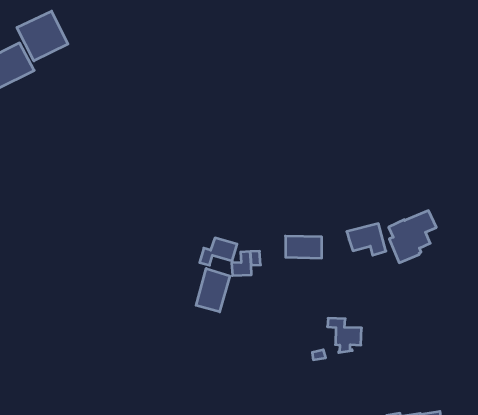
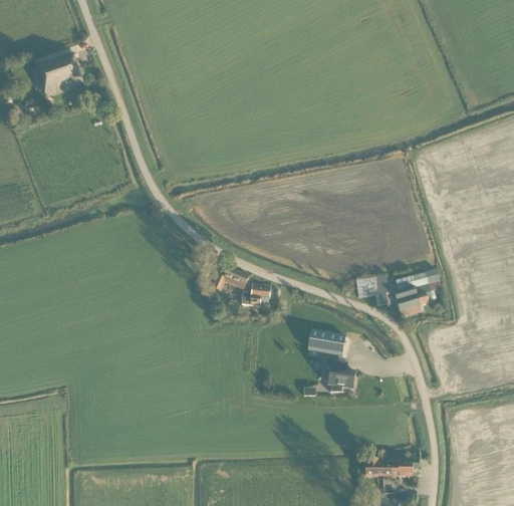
building: [17,11,68,61] -> none
building: [285,236,322,258] -> [307,330,344,356]
building: [196,268,230,312] -> none

